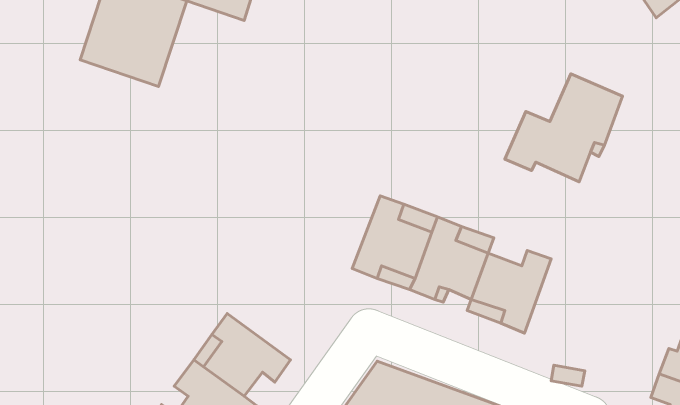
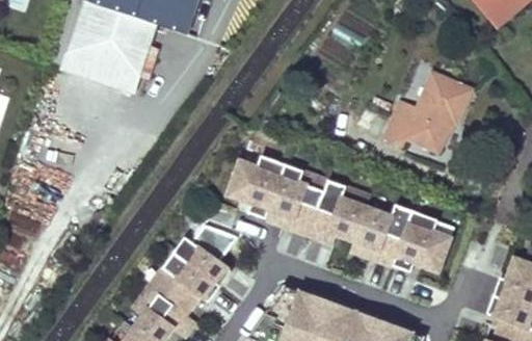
building: none -> [230,154,288,217]
building: none -> [395,210,452,271]
building: none -> [175,222,239,285]

